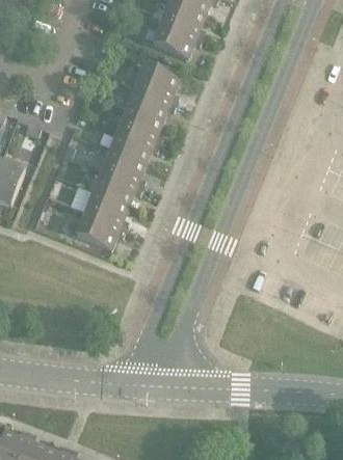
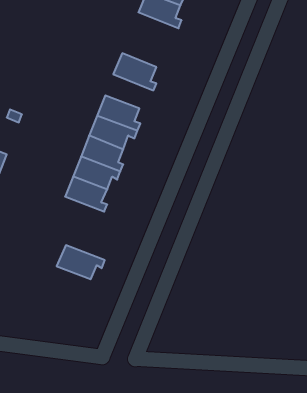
building: [150,21,200,56] -> none
building: [124,85,174,120] -> none
building: [73,212,123,247] -> [57,245,105,279]

